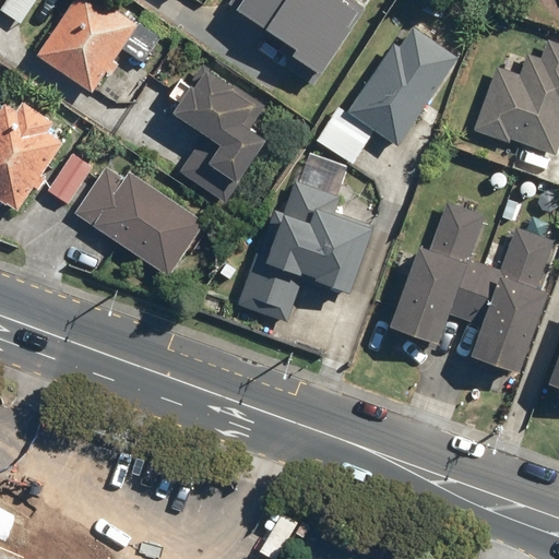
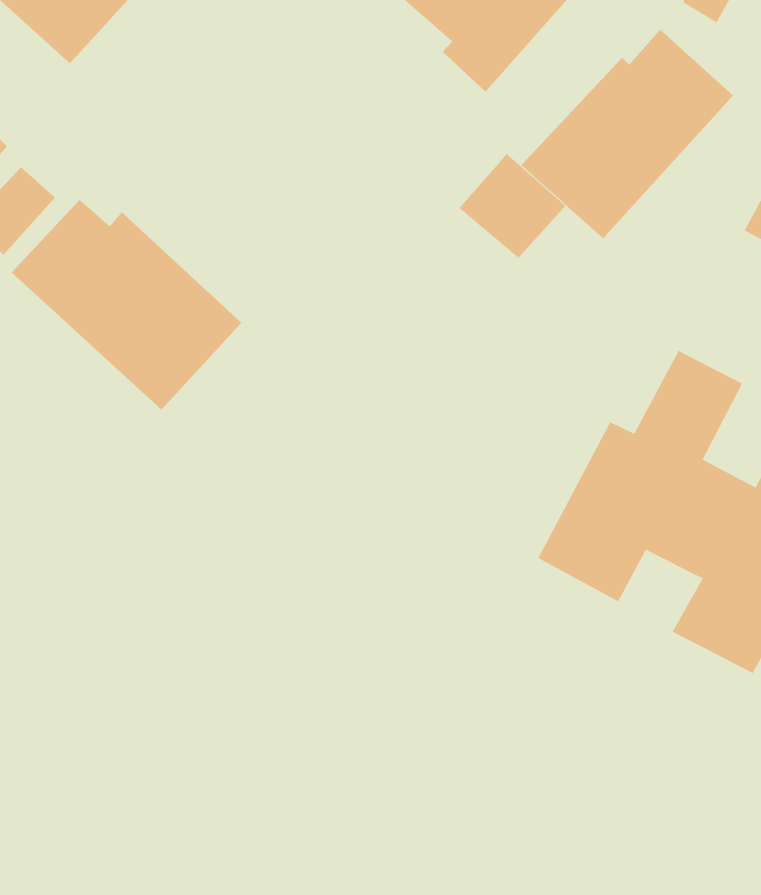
building: [169,68,265,202] -> none
building: [241,168,371,321] -> none

